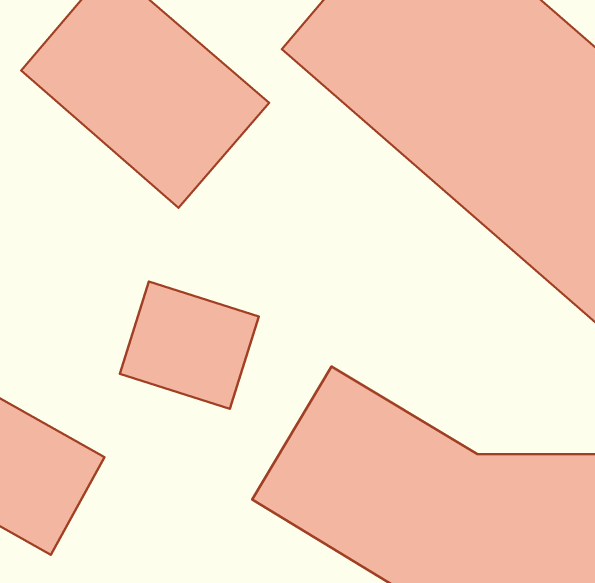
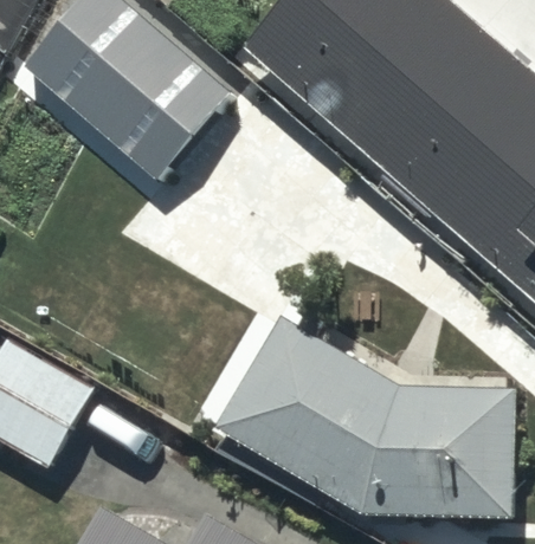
building: [120,282,259,409] -> none

